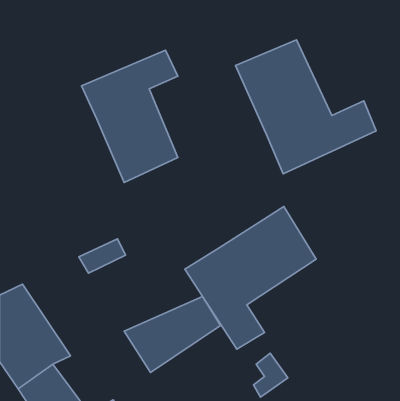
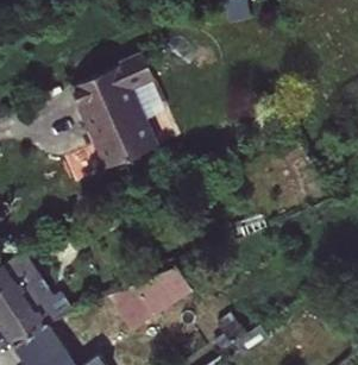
building: [235,40,376,174] -> none
building: [185,206,316,349] -> none

